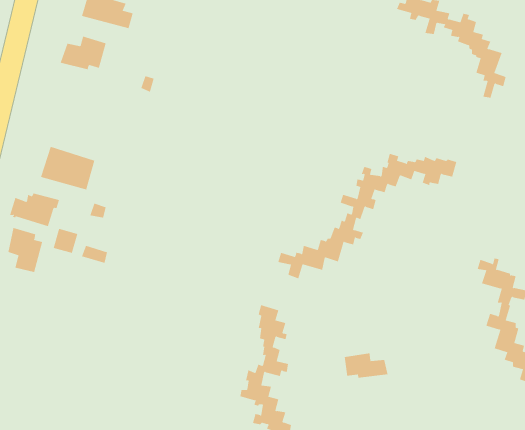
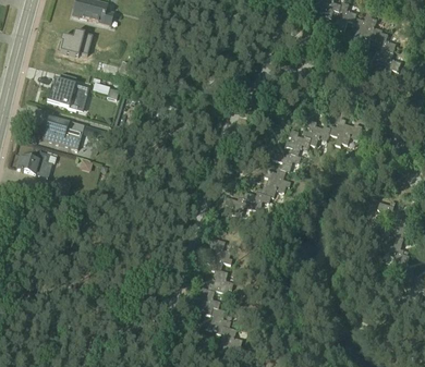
building: none -> [47,73,88,111]
building: [8,227,43,273] -> none
building: [344,353,388,378] -> none

